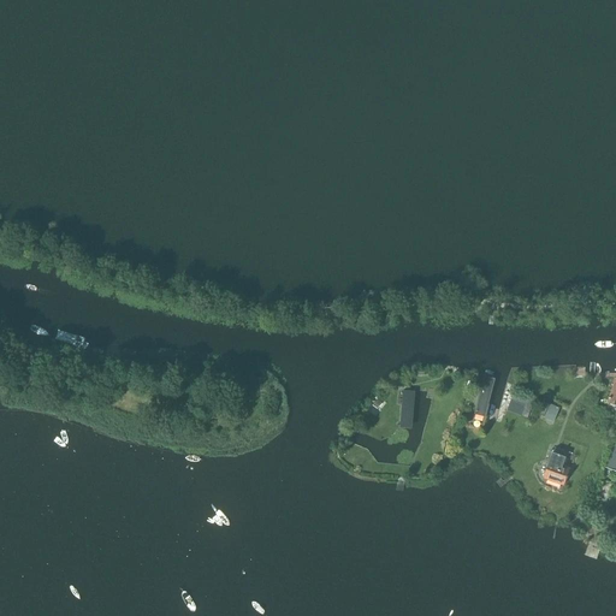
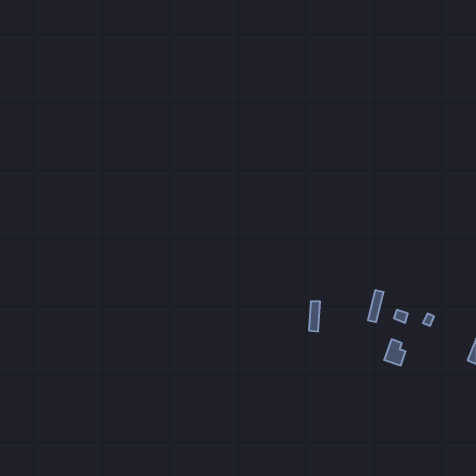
building: [544,451,571,485] -> [384,339,406,365]

